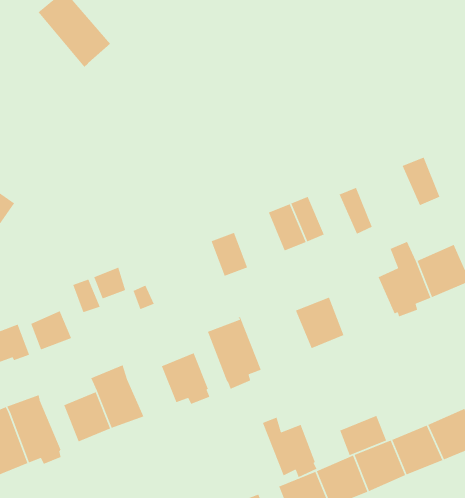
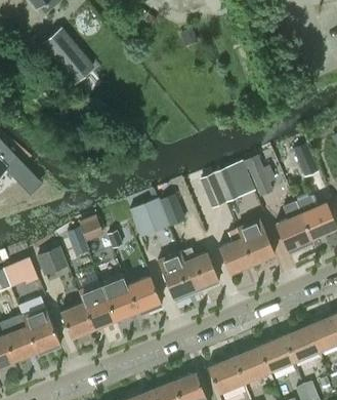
building: none -> [129,198,170,237]
building: none -> [238,223,275,266]
building: none -> [100,274,137,321]
building: [339,415,387,456] -> none
building: [262,416,318,478] -> [181,248,219,290]

